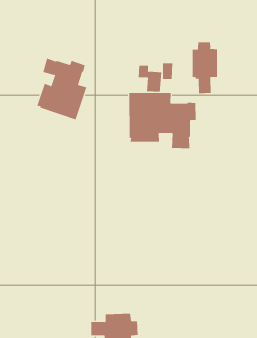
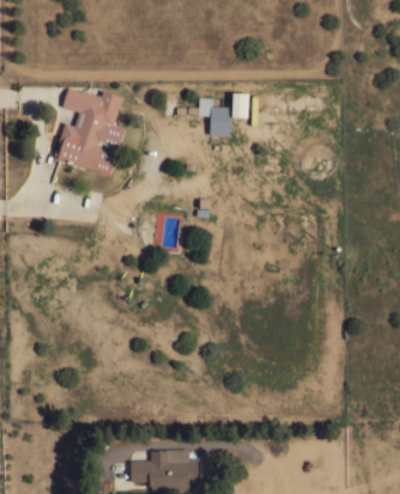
building: [192,41,217,94] -> none
building: [129,92,196,149] -> none

